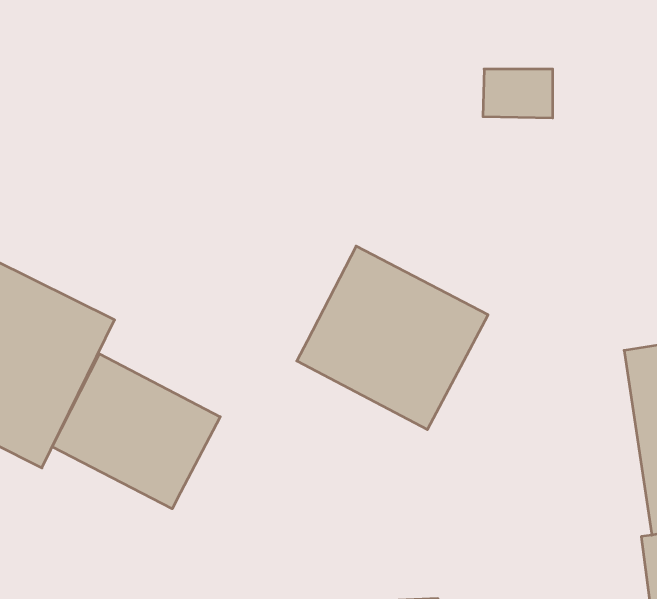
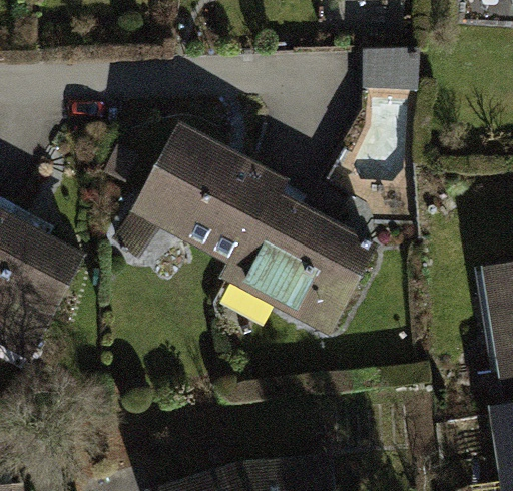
building: none -> [110,123,284,266]
building: [52,354,220,509] -> none

